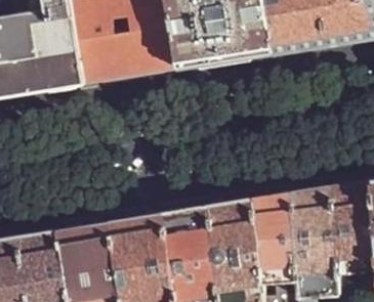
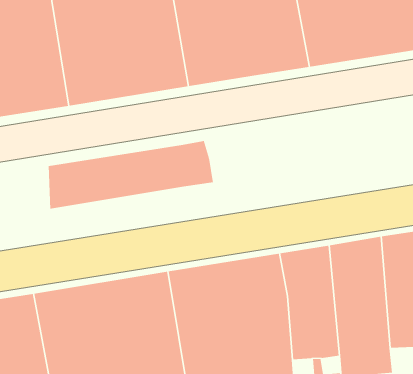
building: none -> [48,140,213,210]

